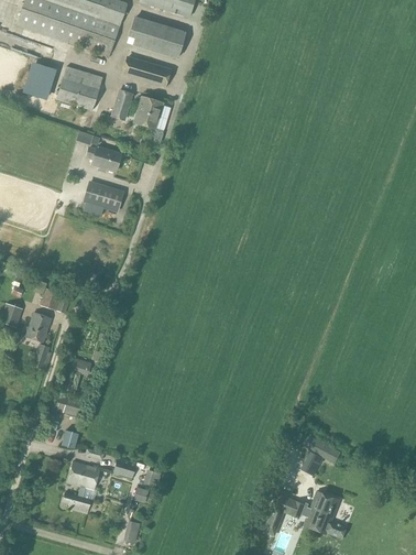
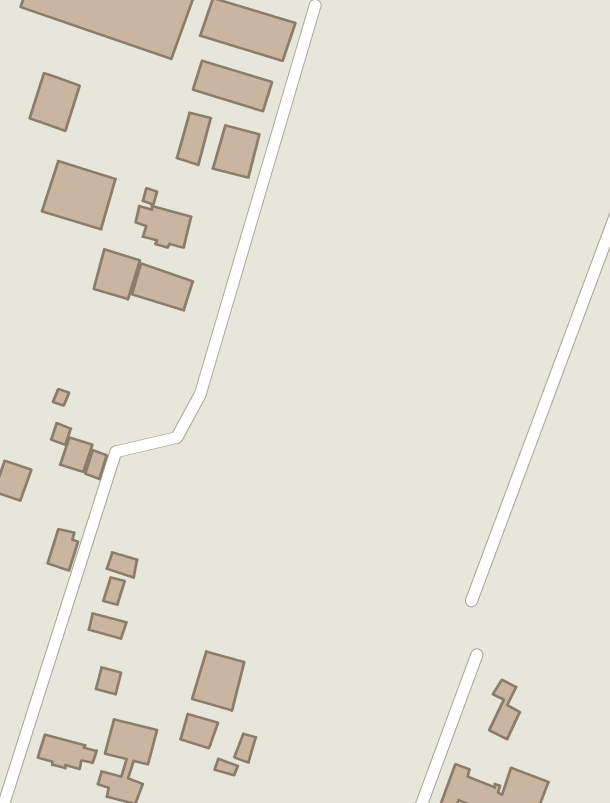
building: [57,66,102,108] -> [42,161,116,229]
building: none -> [94,249,140,299]
building: [26,312,52,340] -> none
building: none -> [192,651,244,711]
building: none -> [38,735,97,769]

